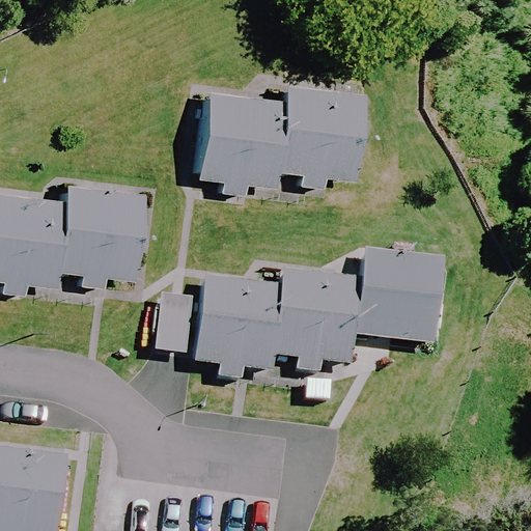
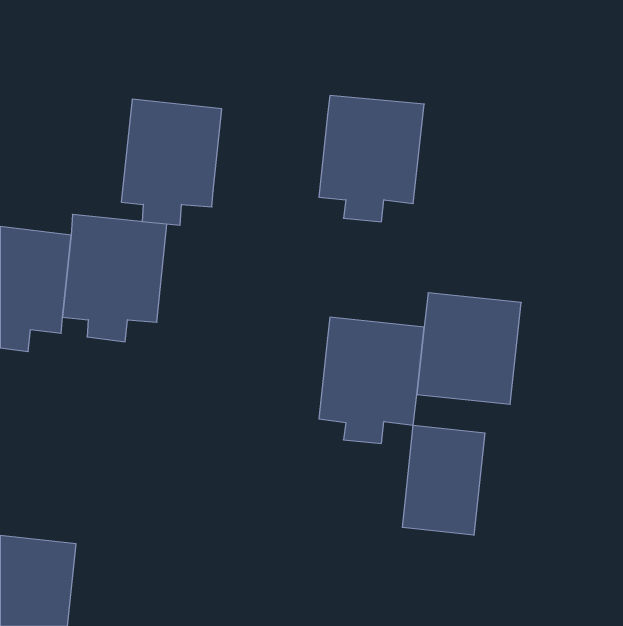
building: [195,89,280,196] -> [121,99,222,225]
building: [195,278,280,385] -> none
building: none -> [402,425,485,535]

